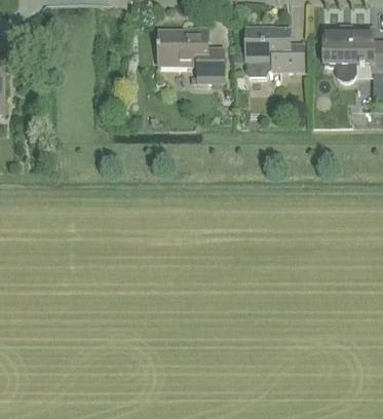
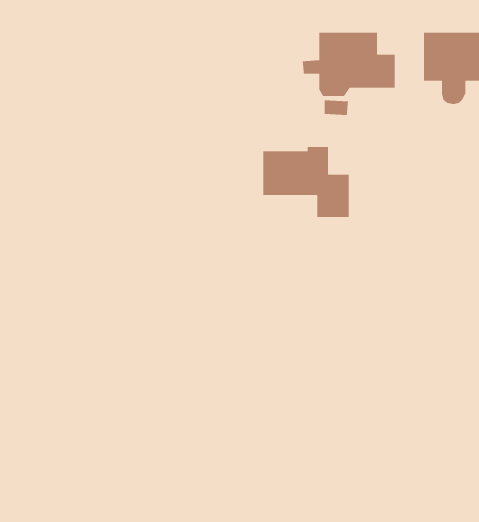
building: [158,28,223,81] -> [263,146,350,218]

